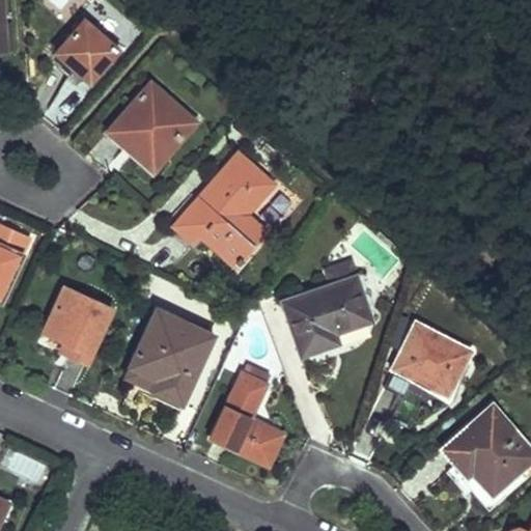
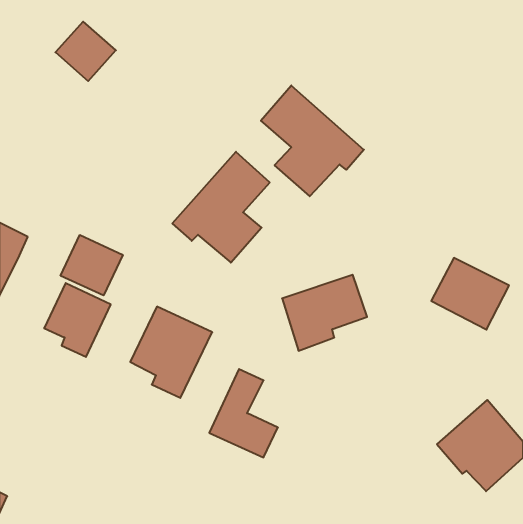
building: [110,85,195,171] -> none
building: none -> [261,85,364,196]
building: none -> [61,235,123,295]
building: [393,324,472,396] -> [431,258,509,330]

